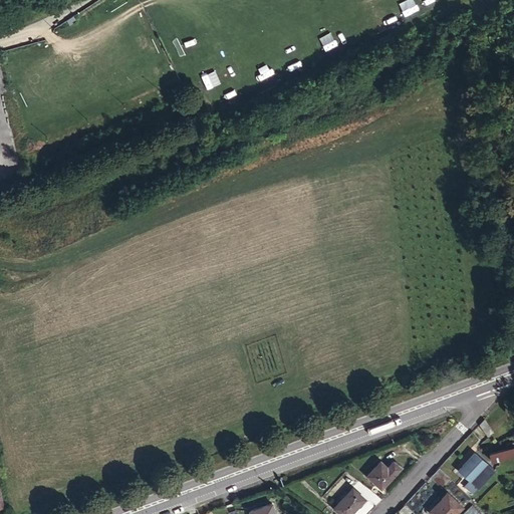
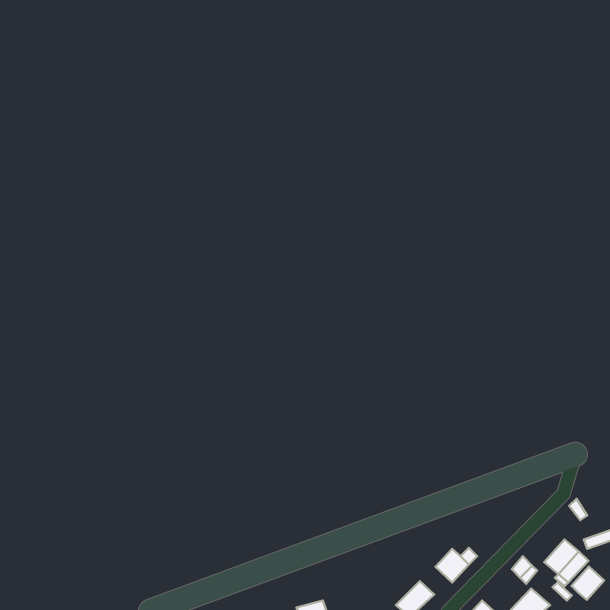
building: none -> [571,567,604,600]

